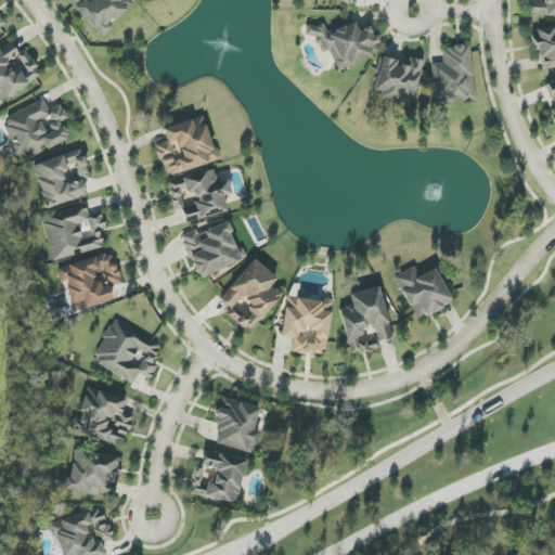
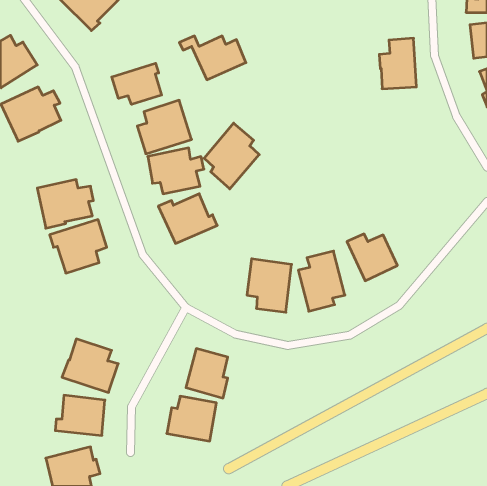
building: [306,20,382,69] -> [179,36,246,80]
building: [373,55,423,105] -> none
building: none -> [112,63,162,104]
building: [31,146,90,206] -> none
building: [220,257,283,332] -> [204,123,259,189]
building: [92,319,162,382] -> none

